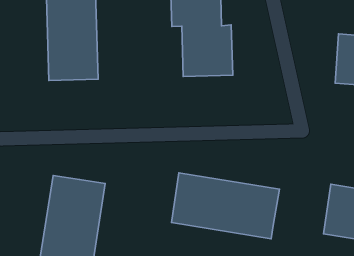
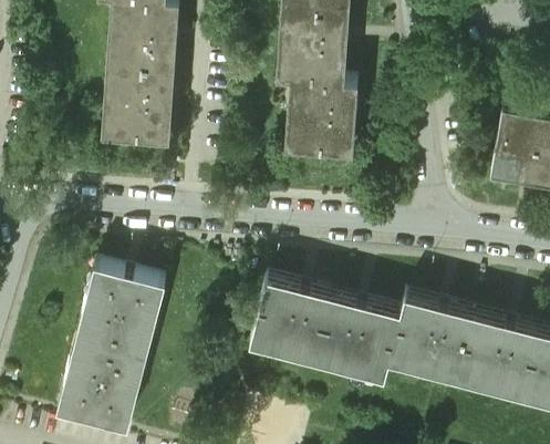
building: none -> [388,300,473,383]

